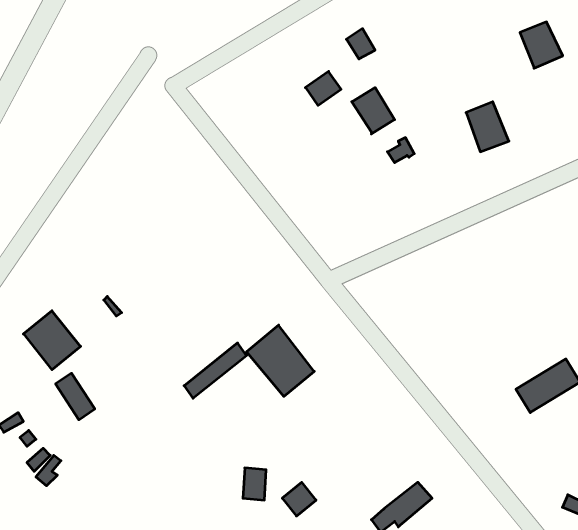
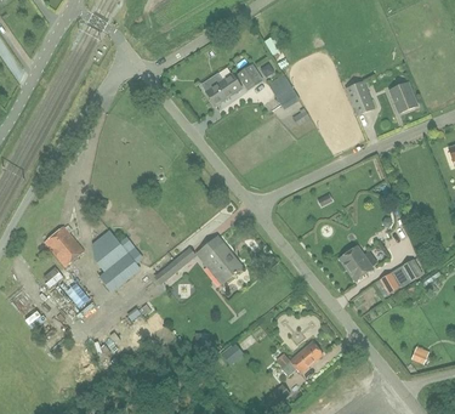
building: [520,22,563,68] -> [386,80,415,112]
building: none -> [201,72,241,104]
building: none -> [93,232,143,285]
building: none -> [340,245,372,279]

